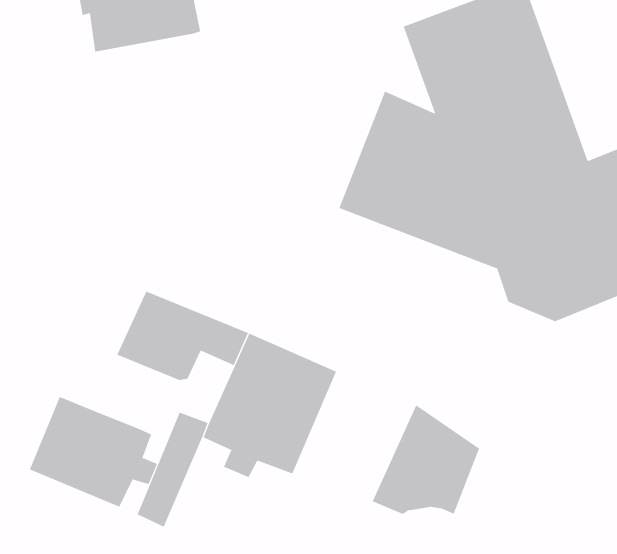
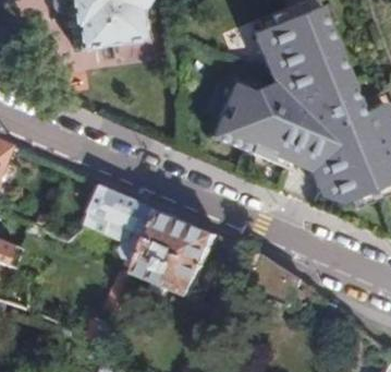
building: [29,396,158,508] -> none

